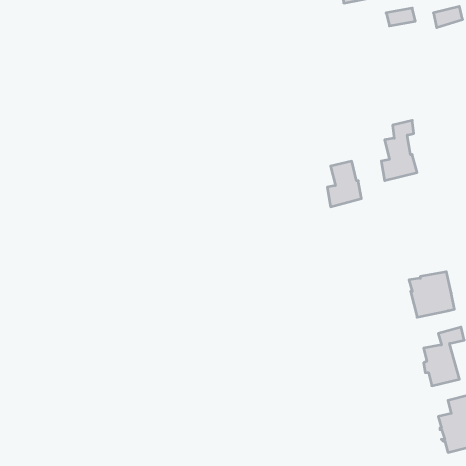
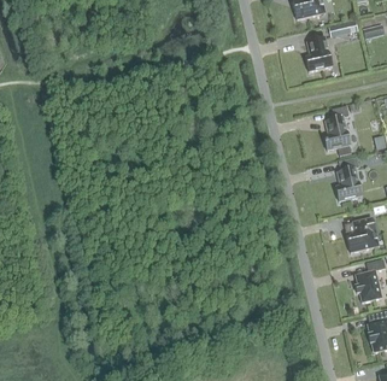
building: none -> [305,39,332,71]
building: [327,161,361,207] -> [335,168,360,201]

